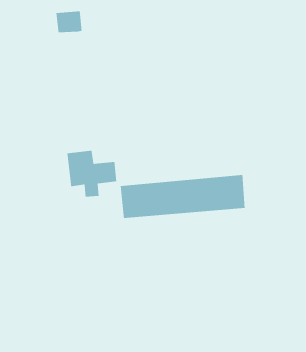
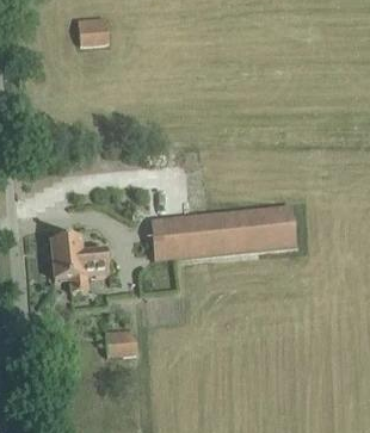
building: [66,150,117,198] -> [49,237,107,292]
building: none -> [105,330,135,357]

